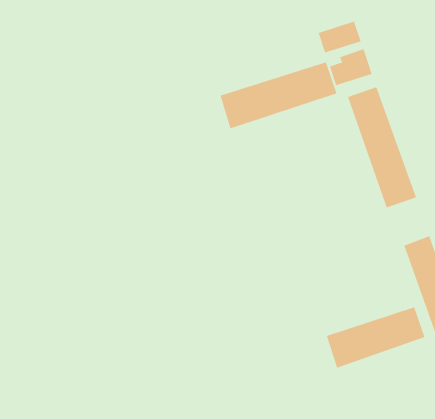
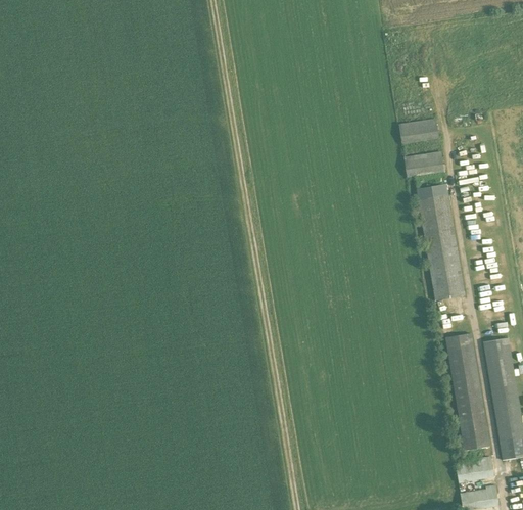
building: [220,61,337,129] -> none
building: [326,307,425,368] -> none

